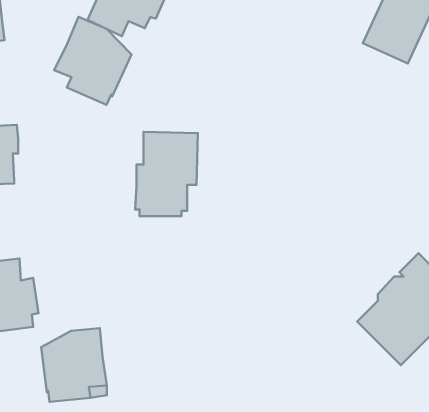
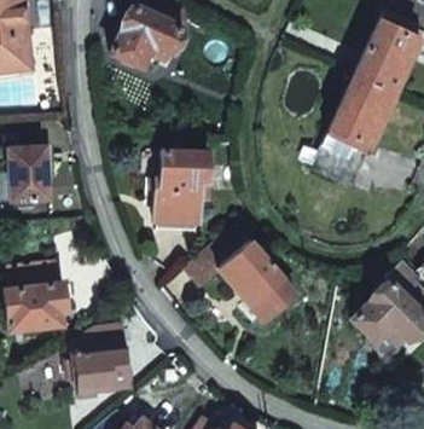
building: [54,17,131,105] -> none
building: none -> [312,74,395,186]
building: none -> [185,225,295,321]

